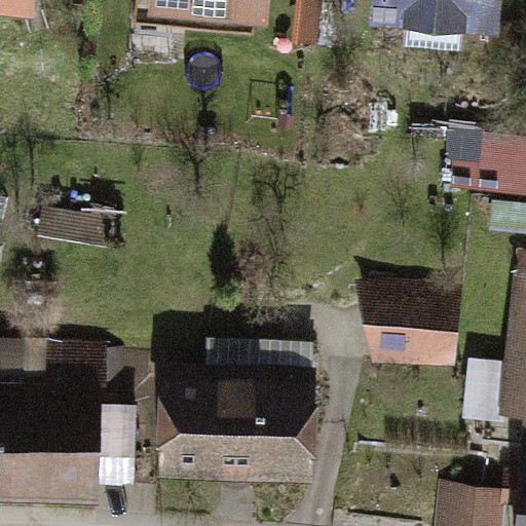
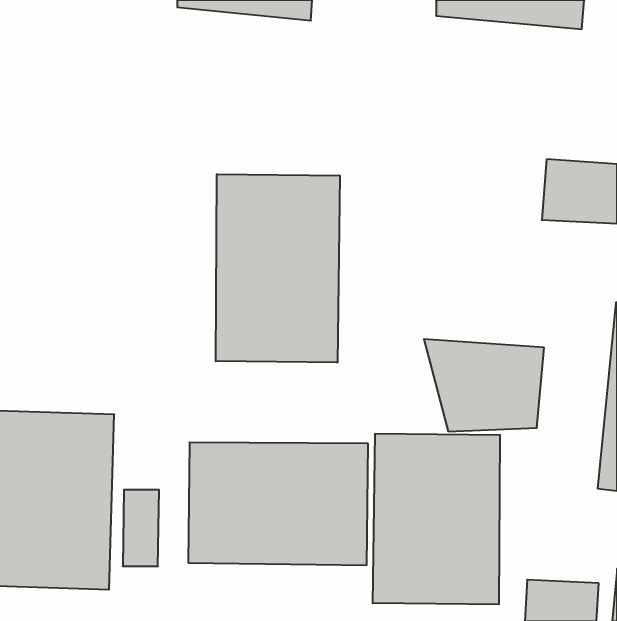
building: none -> [216,174,340,363]
building: none -> [373,434,500,604]

